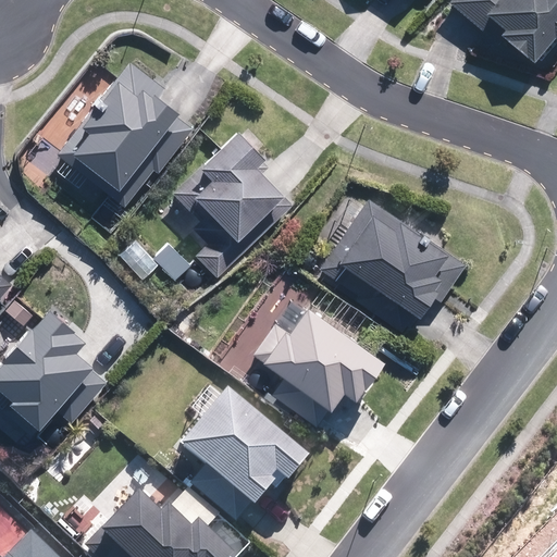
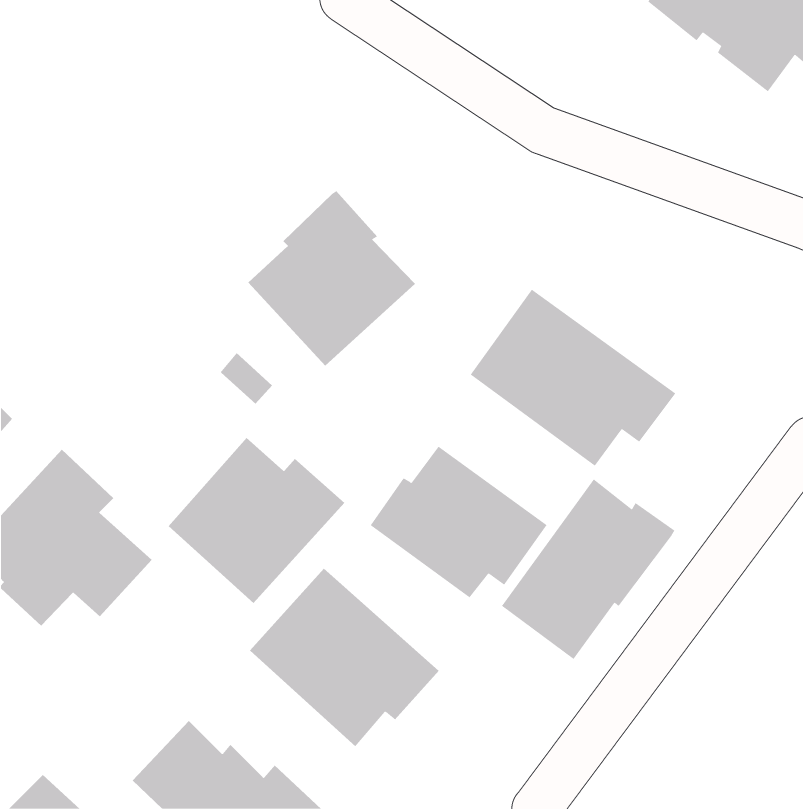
building: [60,62,196,205] -> none
building: none -> [168,437,345,604]
building: none -> [501,478,675,660]

